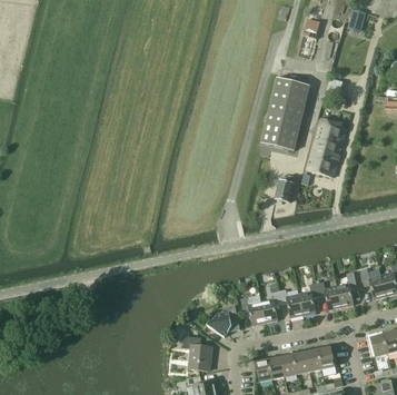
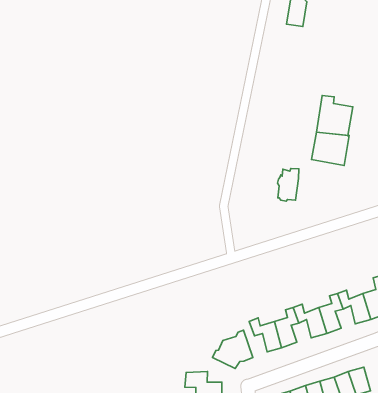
building: [260,77,310,150] -> none

